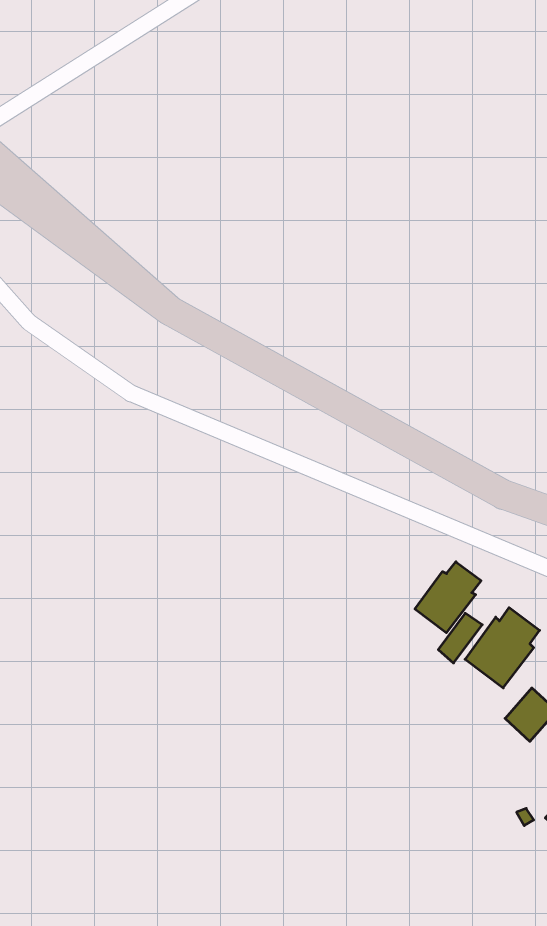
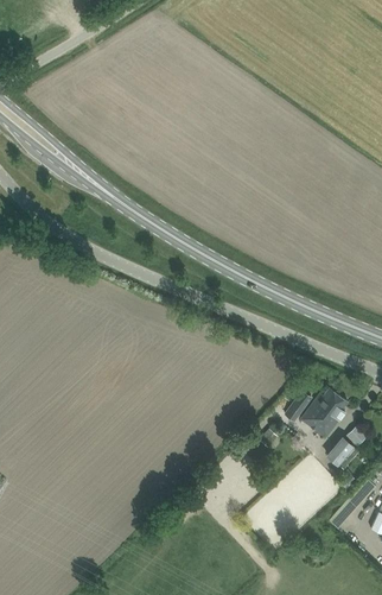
building: [415,562,481,633] -> none

